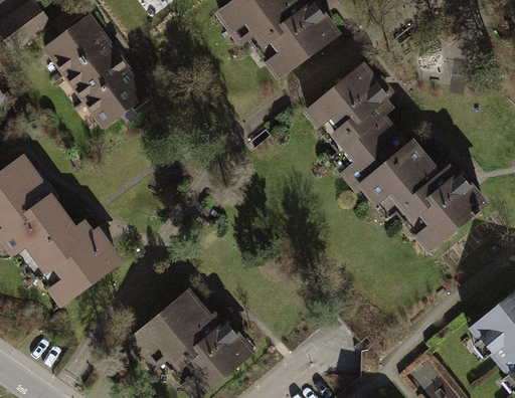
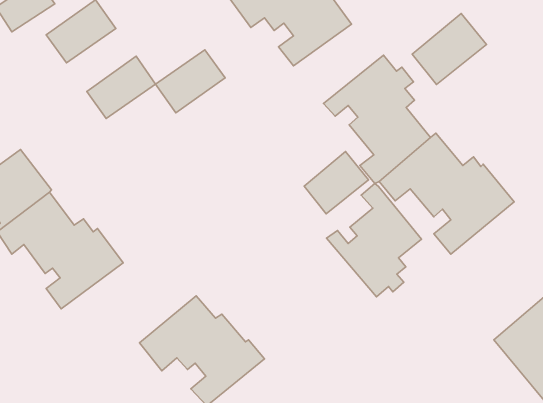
building: none -> [412,14,486,85]
building: [65,42,131,102] -> [155,50,225,113]
building: none -> [304,152,369,214]
building: none -> [327,184,421,297]

